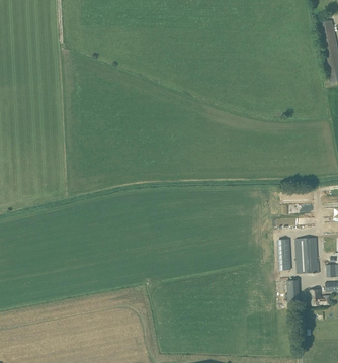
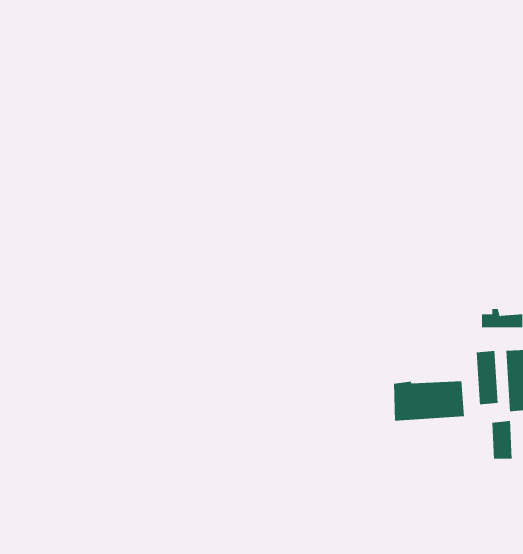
building: none -> [393,380,465,421]

